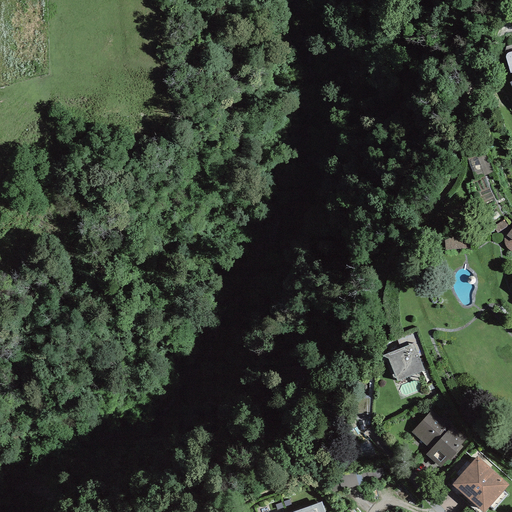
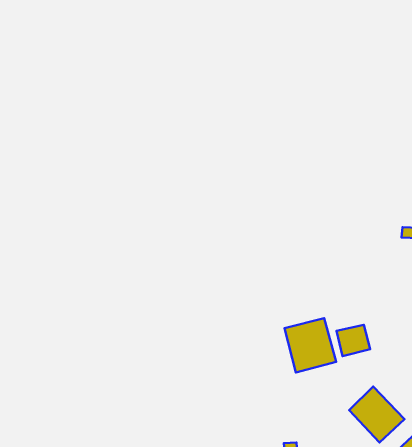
building: none -> [285,318,336,373]

